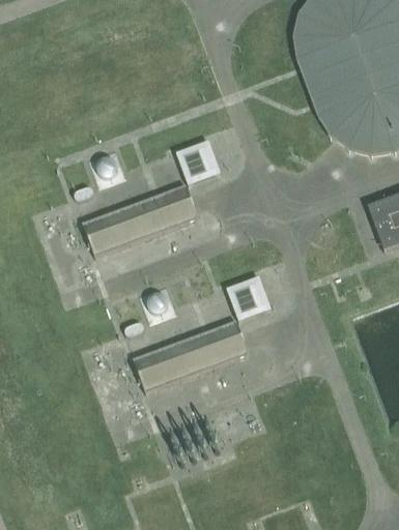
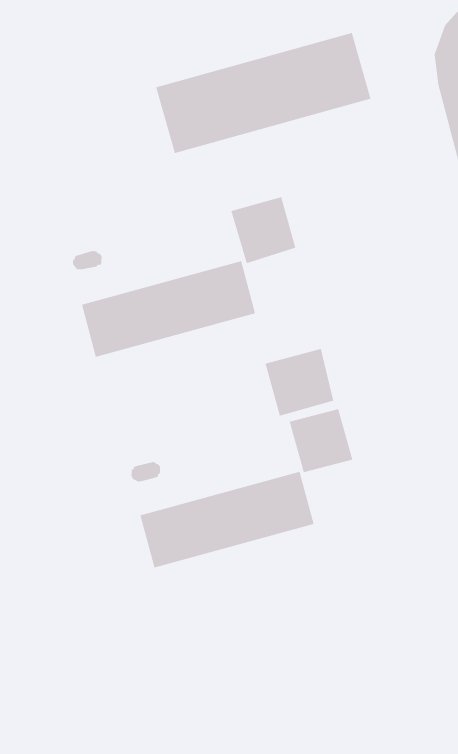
building: none -> [156,32,371,154]
building: none -> [265,348,334,416]

